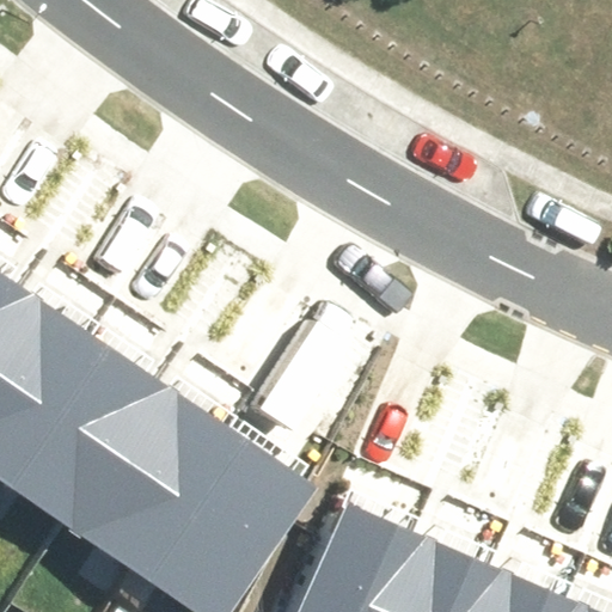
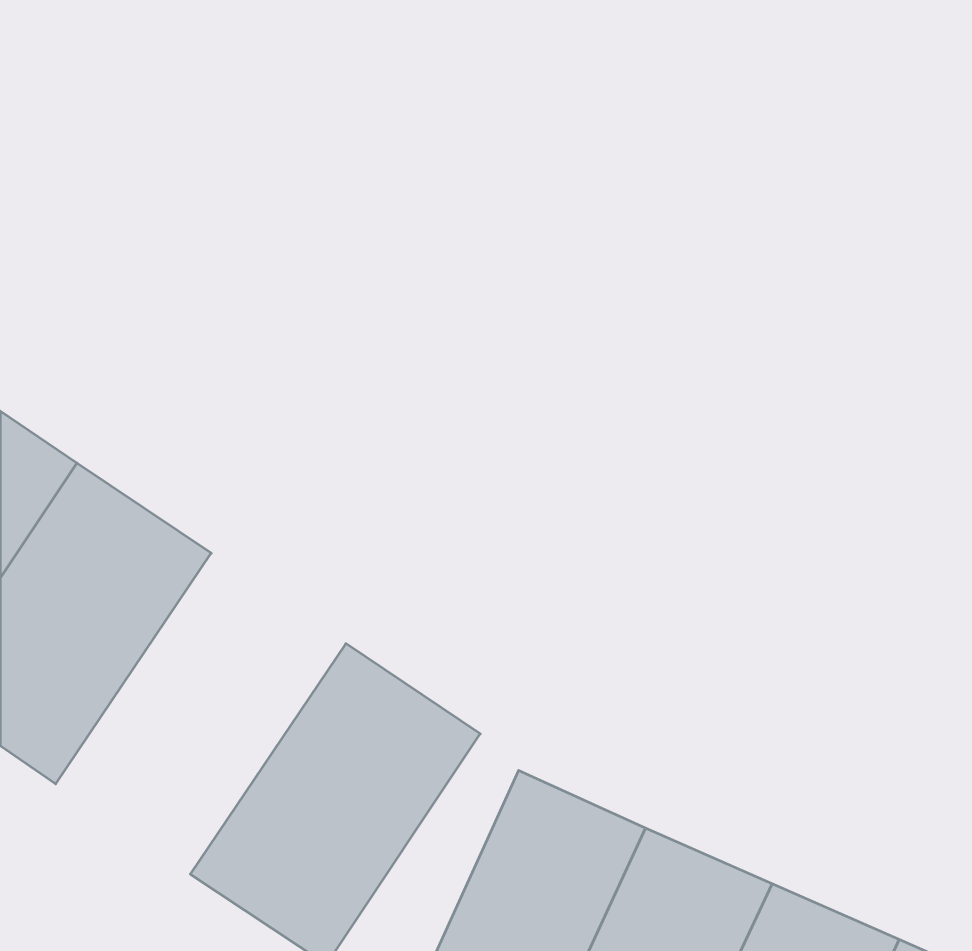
building: [41,363,221,563] -> none

